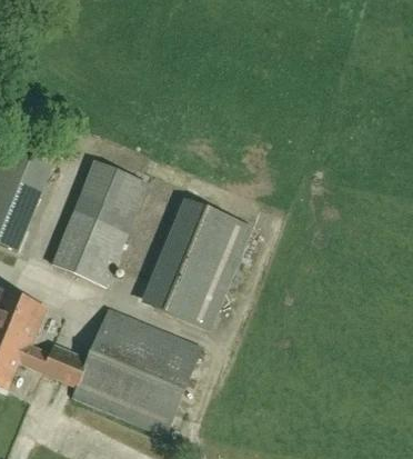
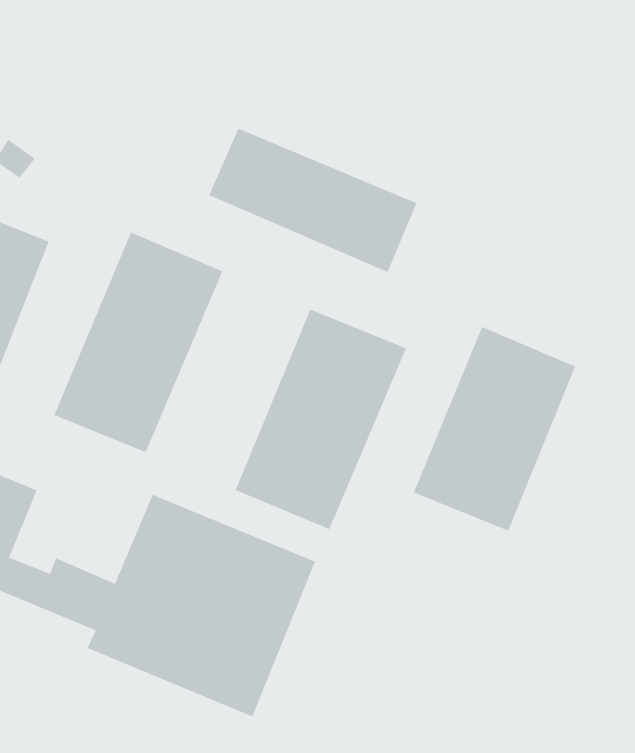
building: none -> [208,128,417,273]
building: none -> [413,326,576,532]

